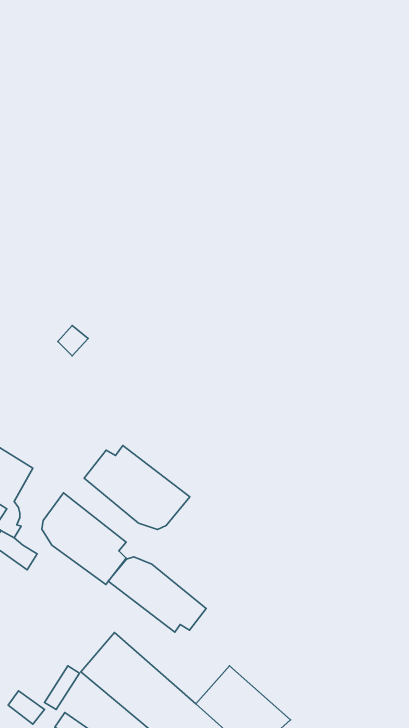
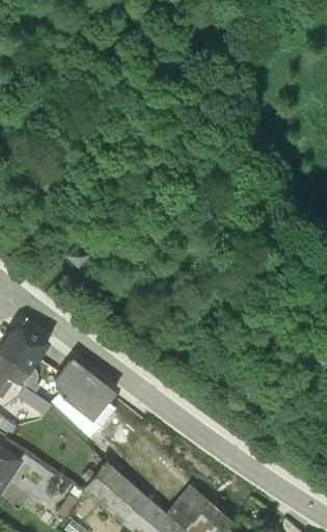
building: [84,446,190,529] -> none
building: [108,557,206,632] -> none

